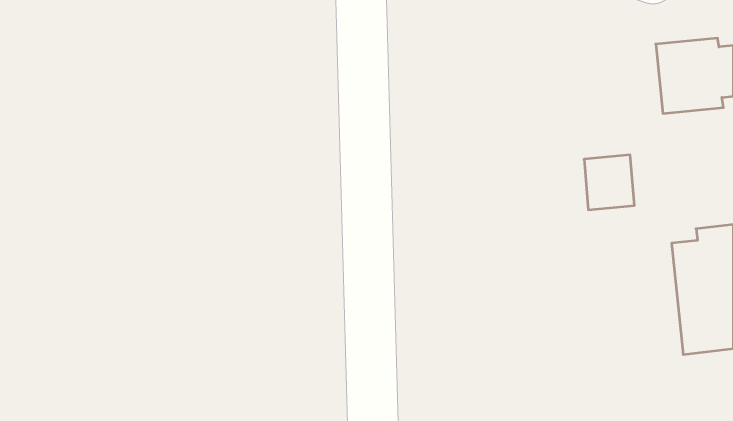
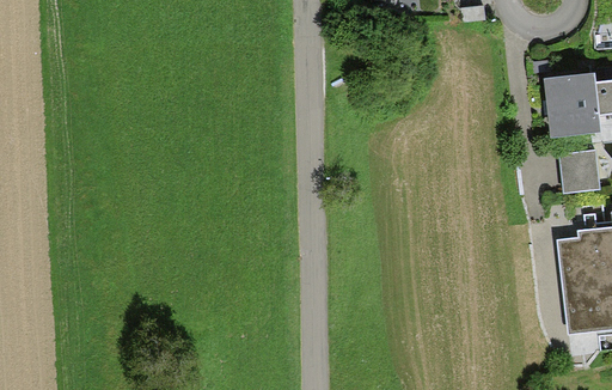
building: [584,155,634,210] -> [559,151,601,196]

